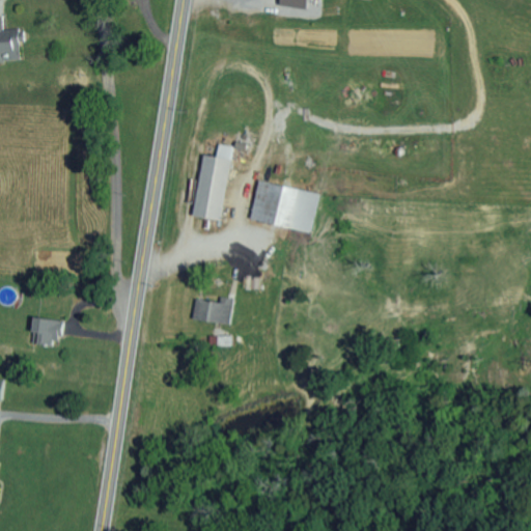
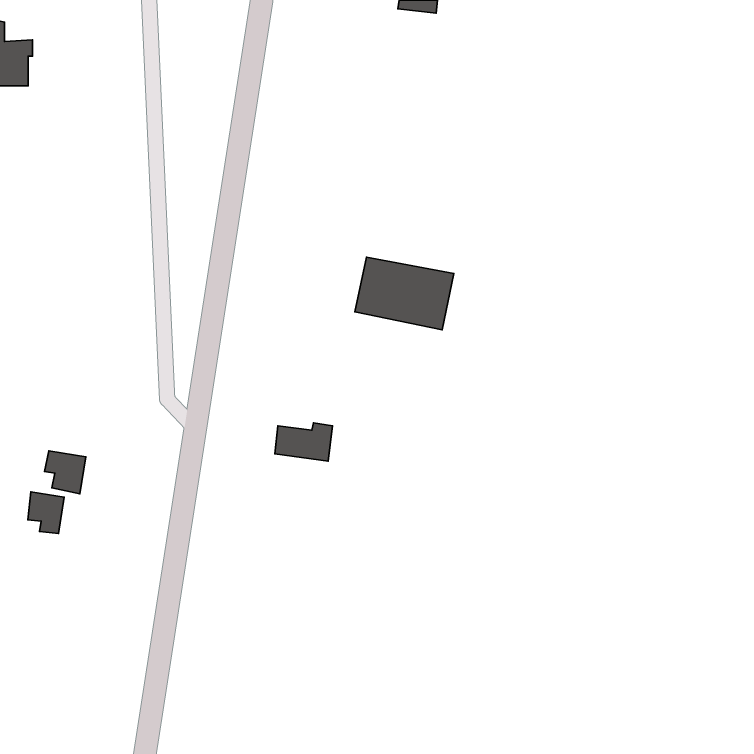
building: [192,144,230,221] -> none
building: none -> [28,492,64,533]

